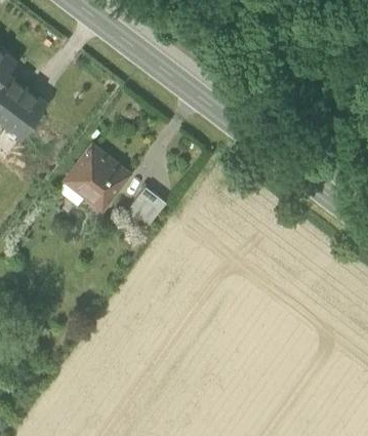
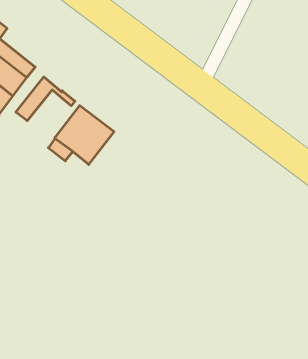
building: none -> [16,77,75,121]
building: [125,187,166,229] -> none

